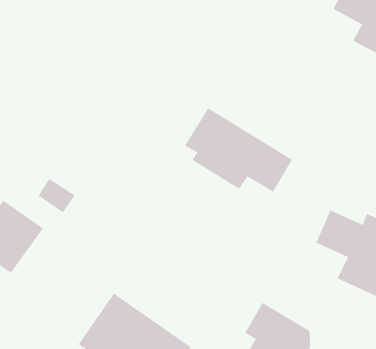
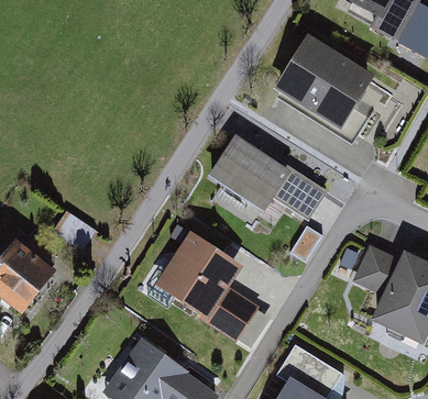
building: none -> [274,35,376,133]
building: none -> [143,232,259,343]

